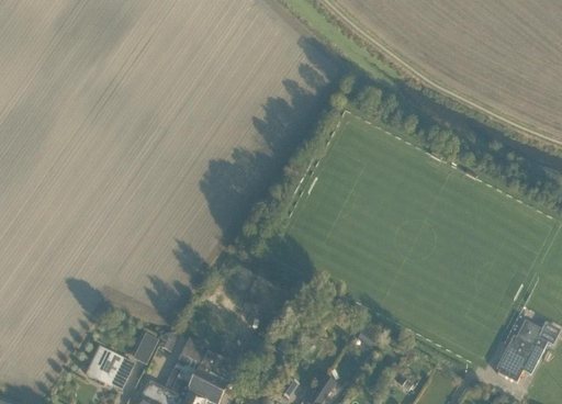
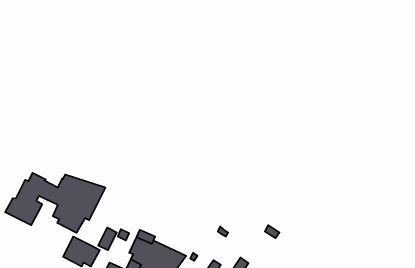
building: none -> [5,173,106,233]
building: [496,321,548,383] -> none

